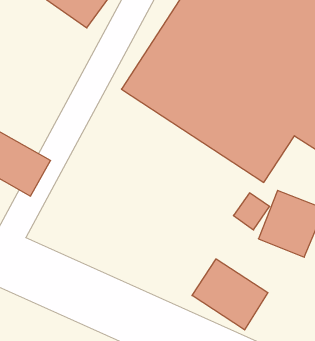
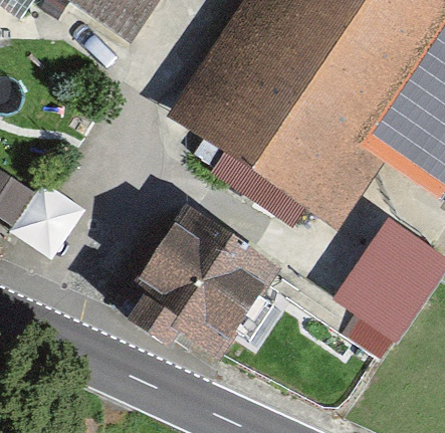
building: none -> [127,203,285,358]
building: [192,259,268,330] -> none

